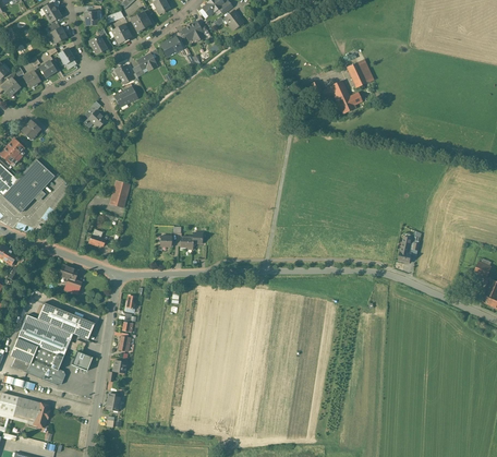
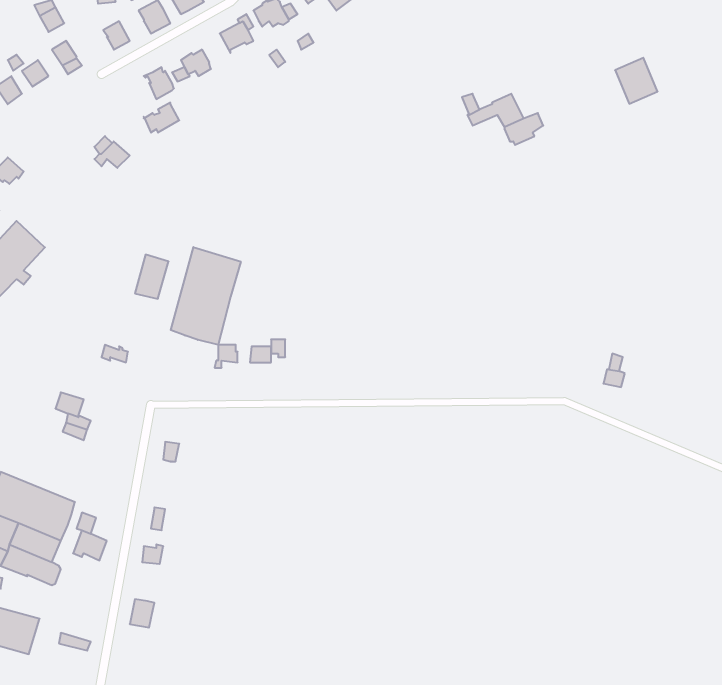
building: [347,59,373,87] -> [615,58,658,104]
building: none -> [171,247,241,345]
building: [37,302,95,339] -> none

